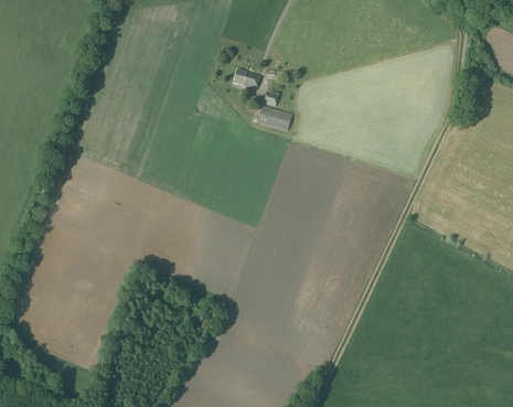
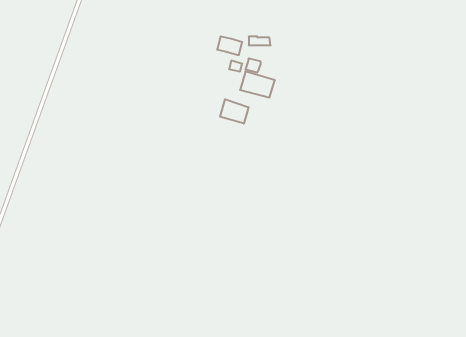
building: none -> [220,99,248,124]

